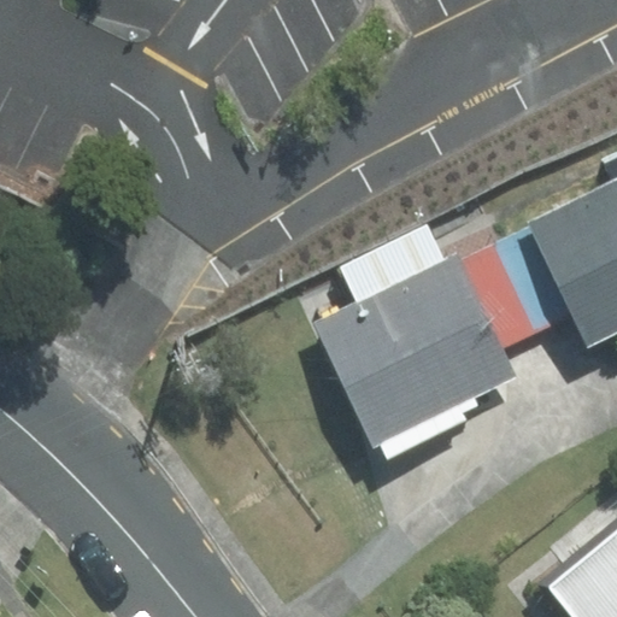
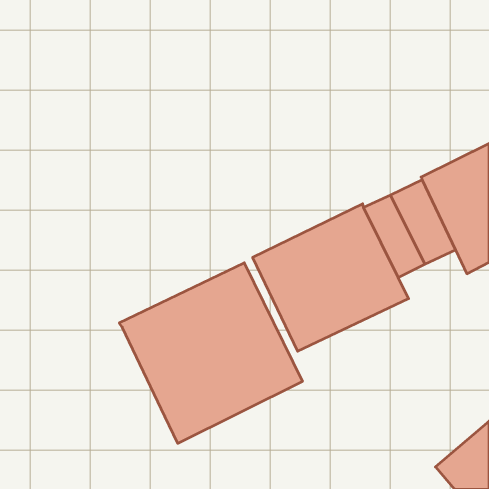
building: none -> [119,263,302,443]

